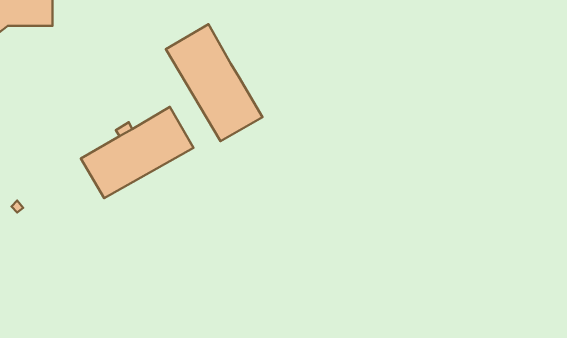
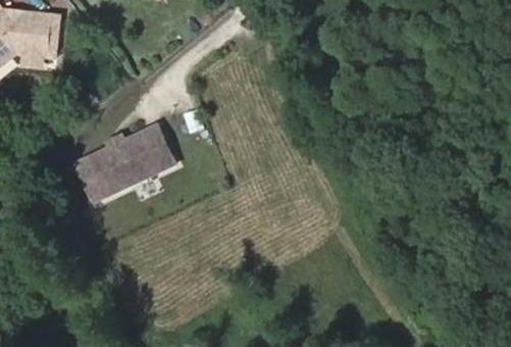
building: [166,24,262,141] -> none

